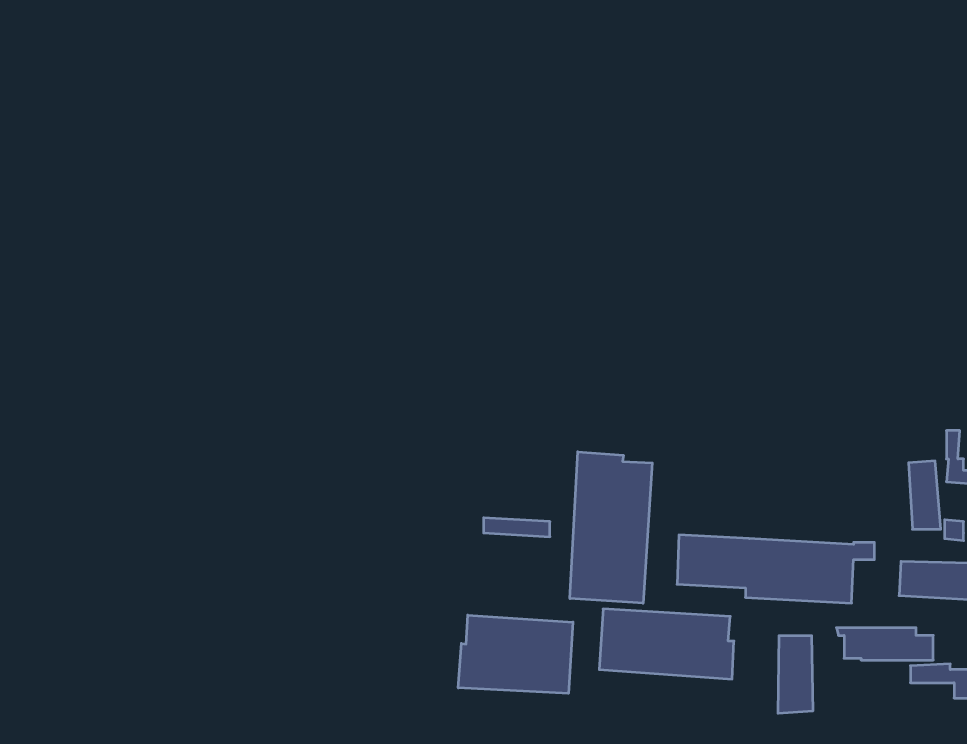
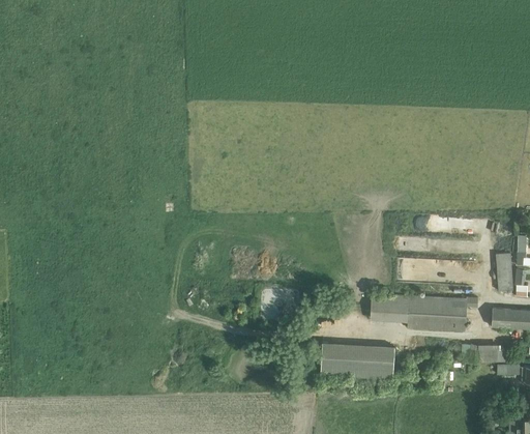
building: [570,452,652,603] -> none
building: [458,615,573,693] -> none
building: [778,636,813,713] -> none

